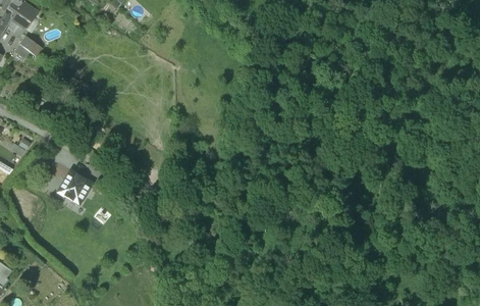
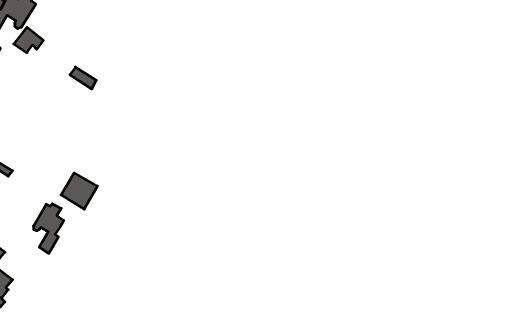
building: none -> [33,204,64,253]

